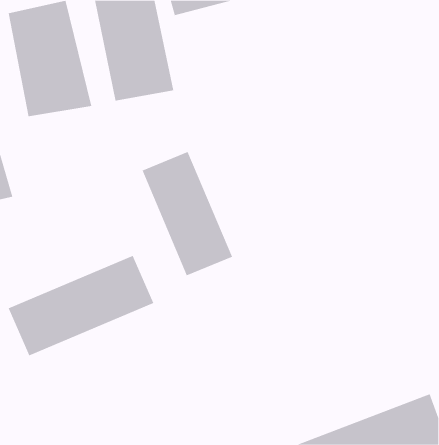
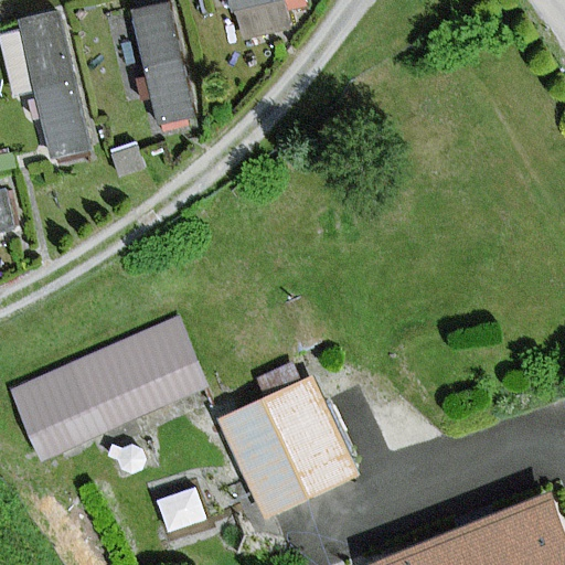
building: [142,151,233,276] -> none
building: none -> [220,383,343,513]

